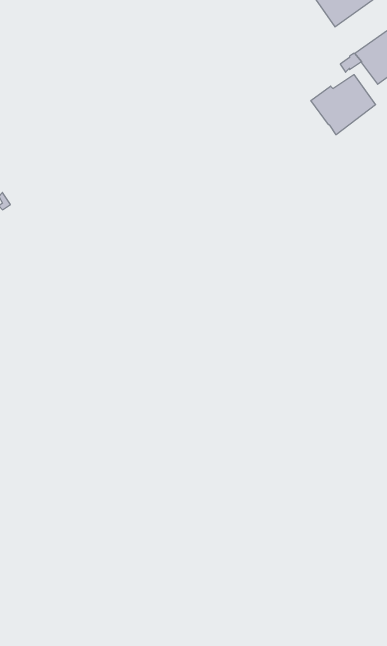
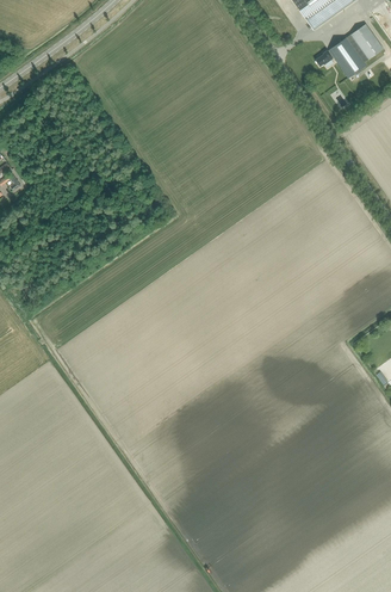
building: [311,75,376,135] -> none

